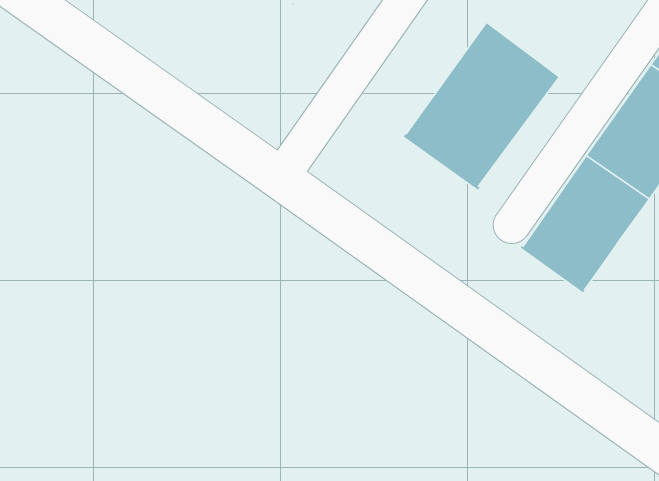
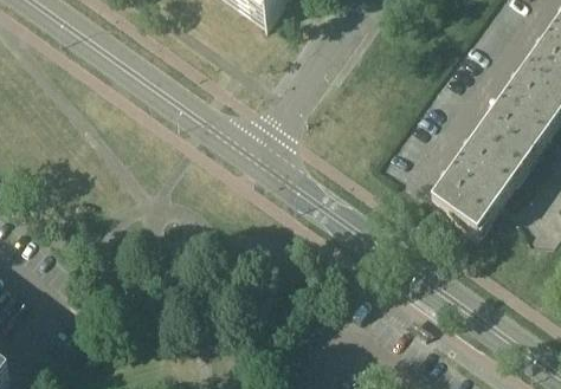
building: [403,22,559,191] -> none

